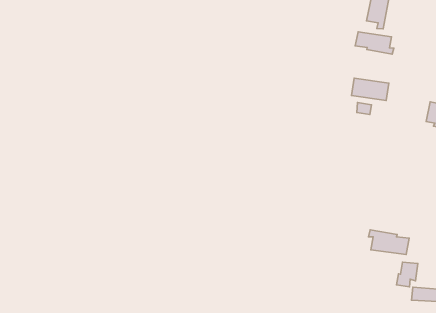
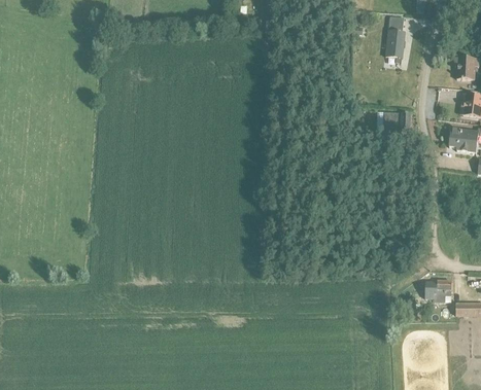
building: [355,32,394,54] -> none
building: [368,230,409,255] -> none

